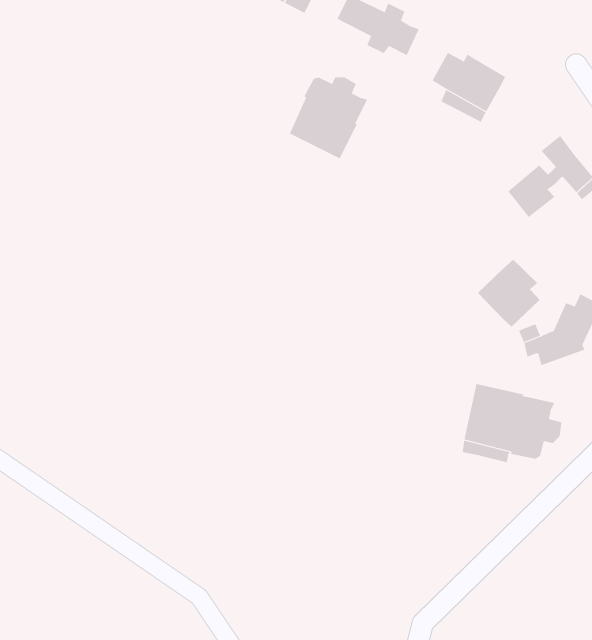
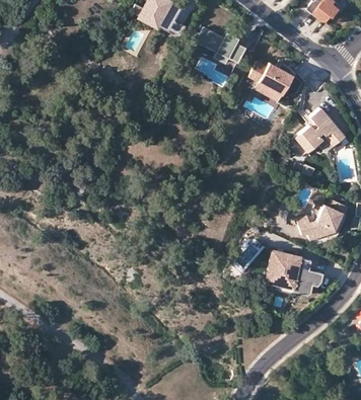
building: [289,76,368,159] -> none
building: [477,259,540,327] -> none

